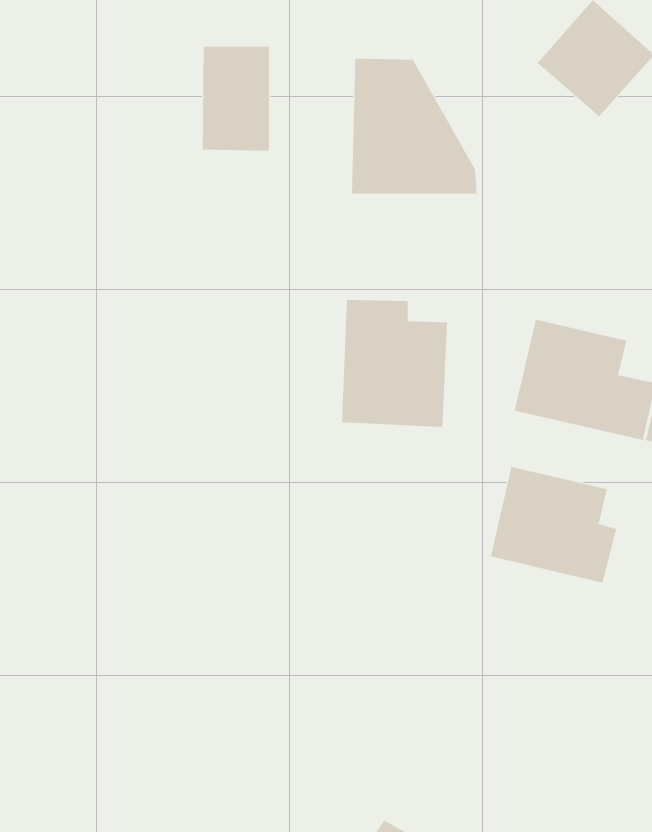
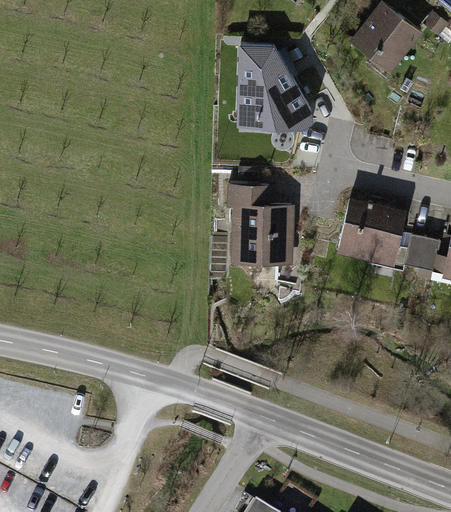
building: [202,46,269,152] -> none
building: [490,466,617,584] -> none

